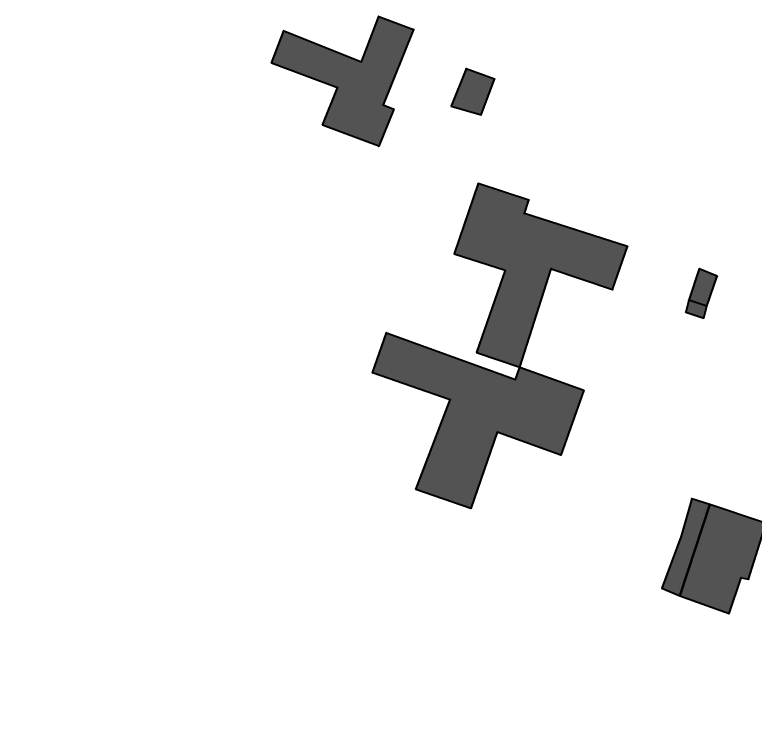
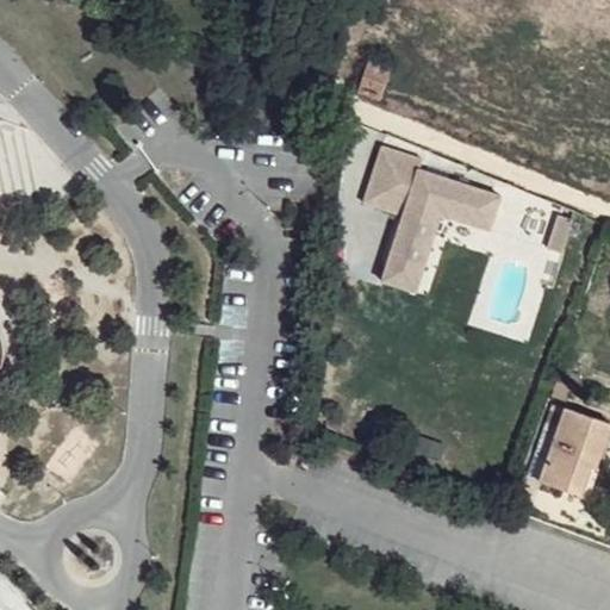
building: [272,16,414,146] -> none
building: [373,333,584,508] -> none

